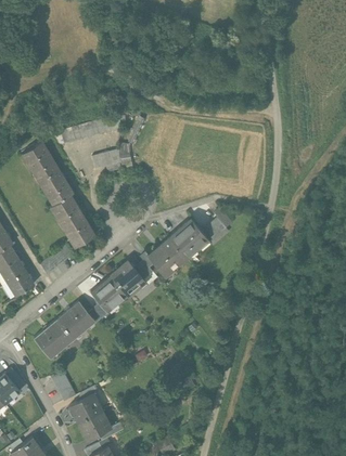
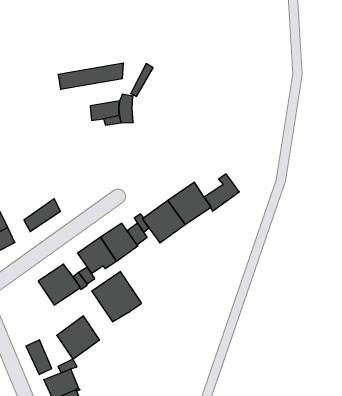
building: [22,142,93,246] -> none
building: none -> [92,271,141,322]
building: [34,318,73,359] -> [57,316,99,359]

